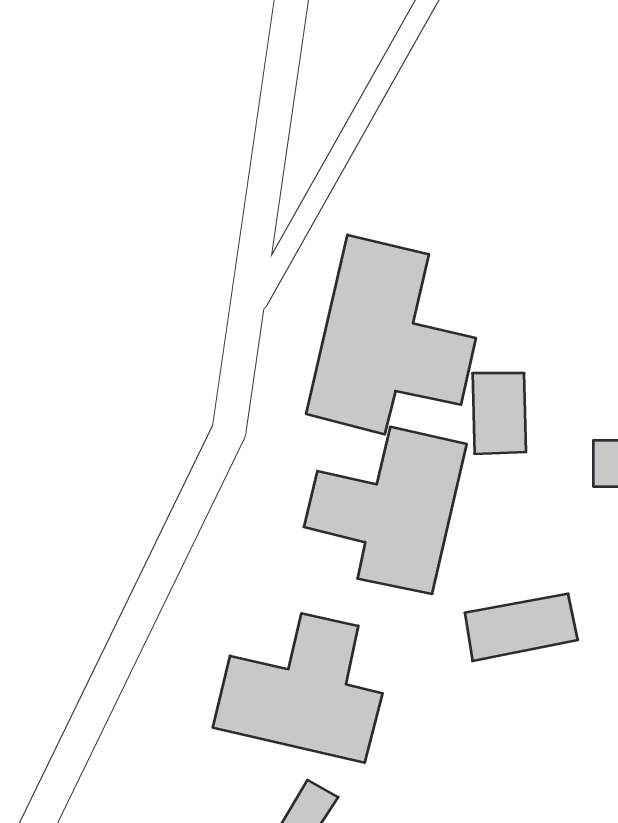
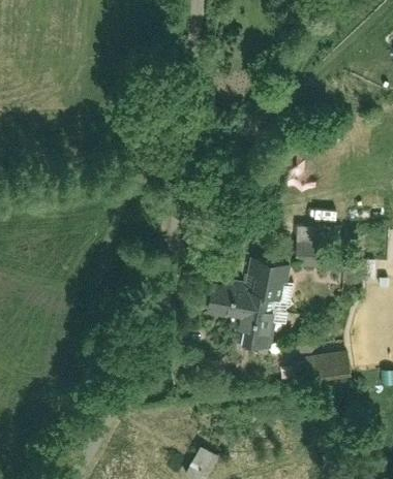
building: [306,235,476,434] -> none
building: [213,613,383,763] -> none

